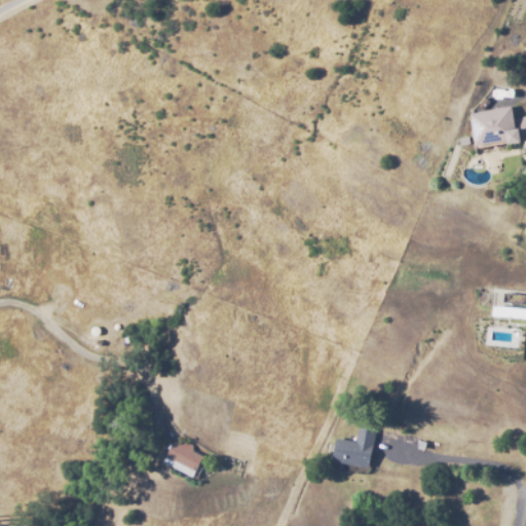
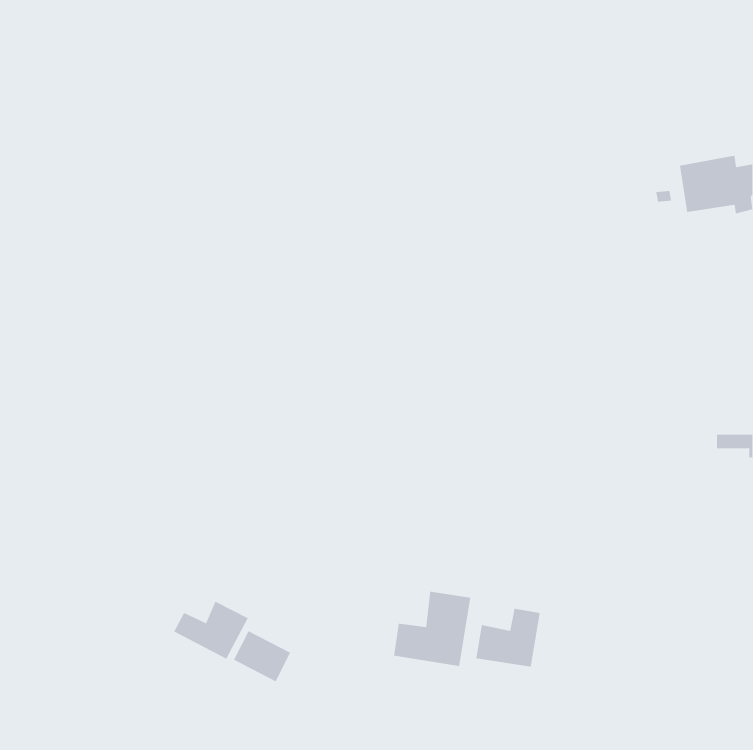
building: none -> [393,591,471,667]
building: none -> [174,601,248,659]

